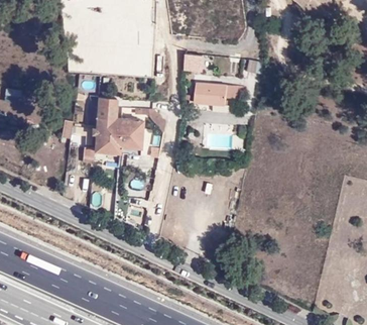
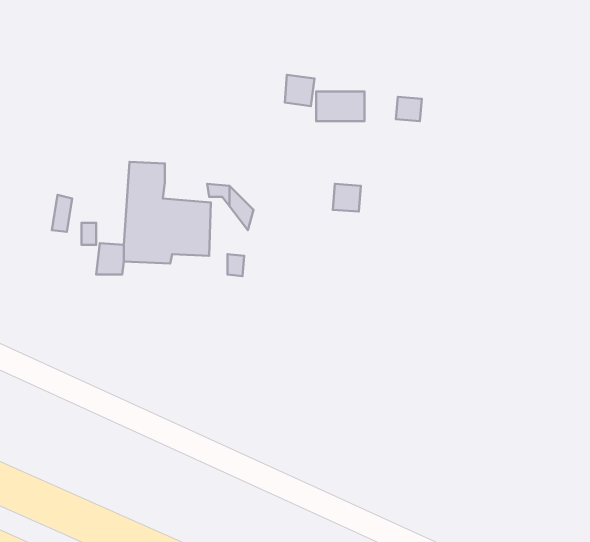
building: [196,79,241,104] -> none

